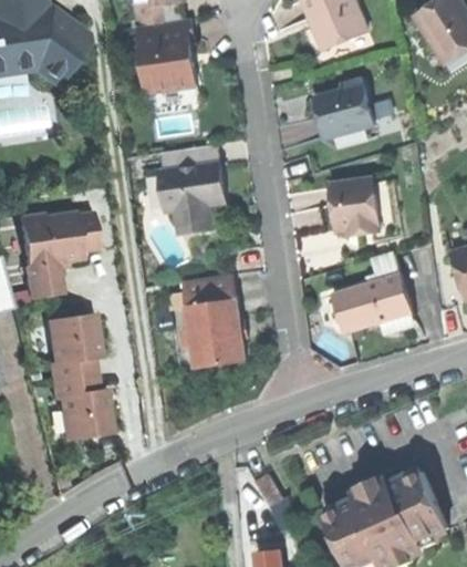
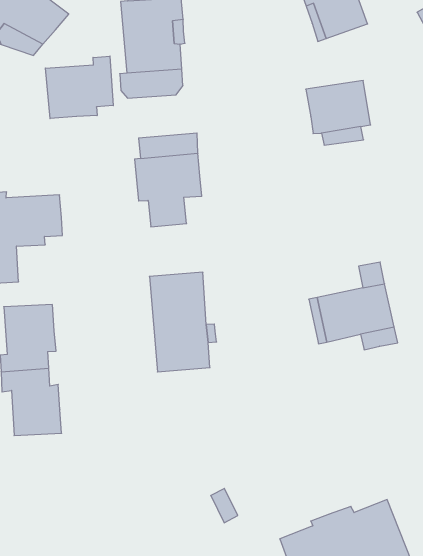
building: none -> [45,56,113,119]
building: [332,177,382,234] -> none

